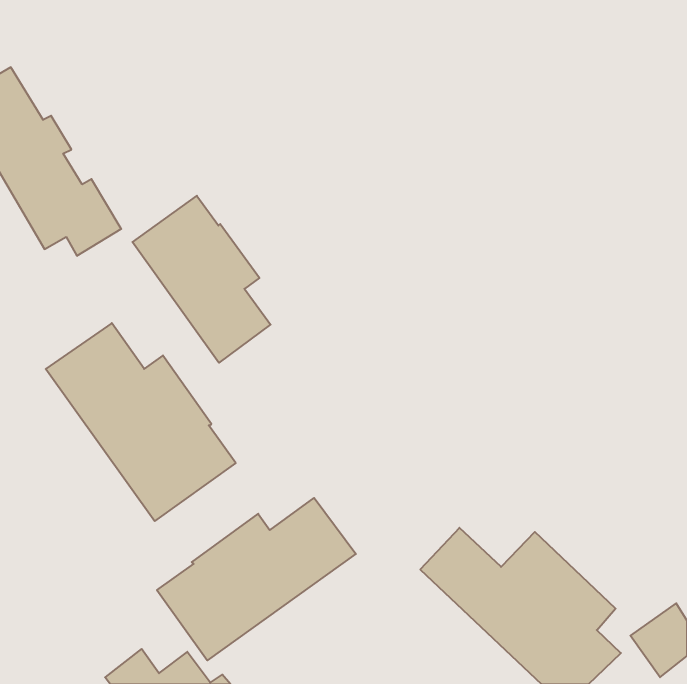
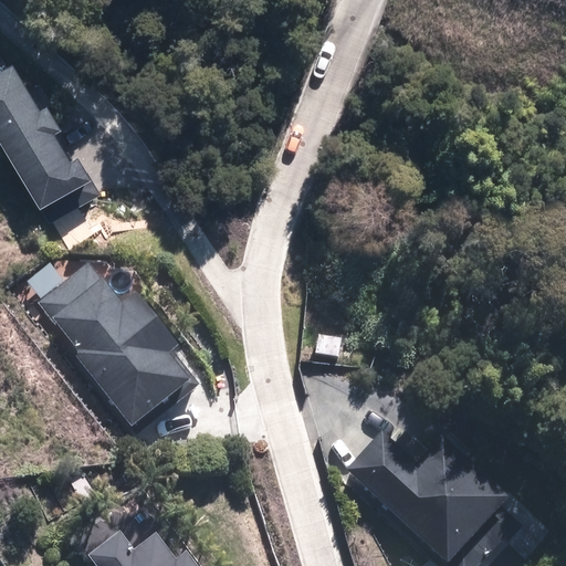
building: [132,196,271,363] -> none
building: [157,498,356,660] -> none

